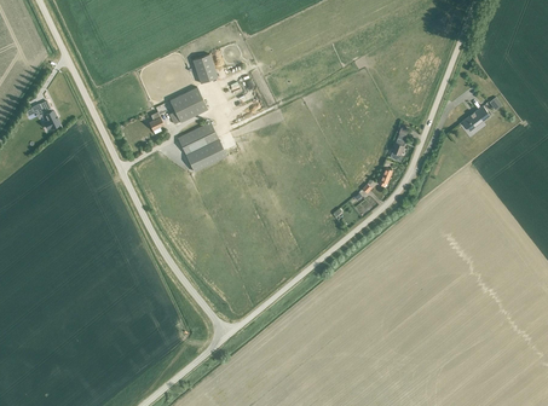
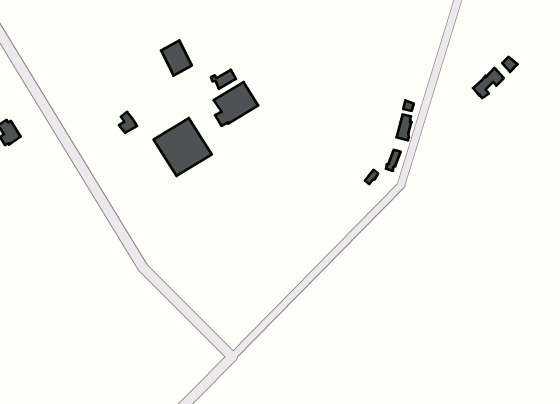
building: [168,87,207,123] -> [214,82,258,126]

